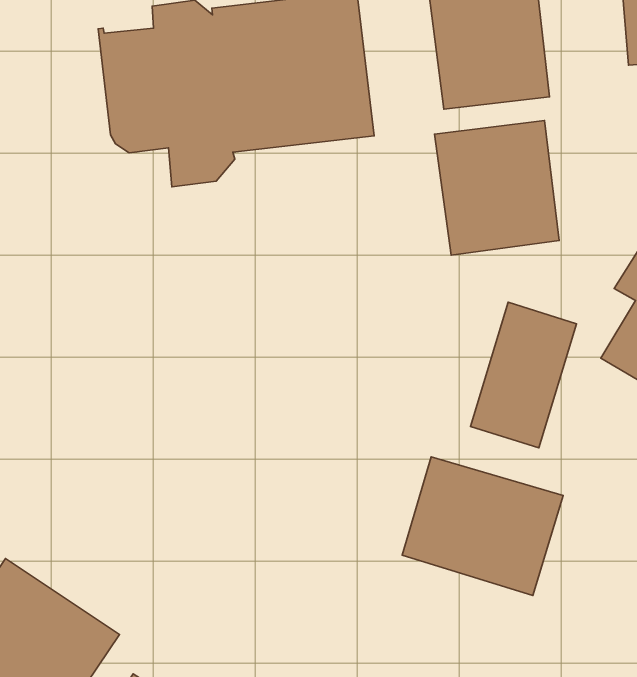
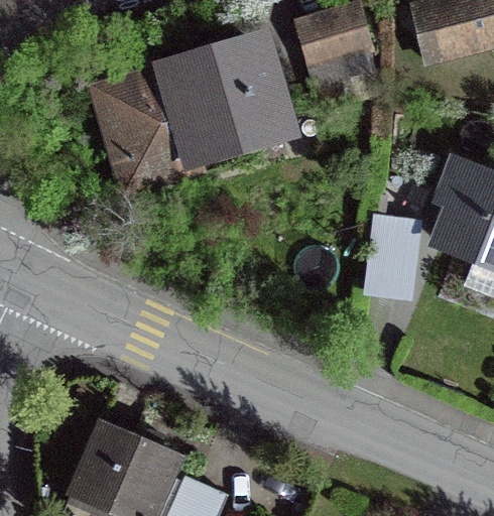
building: [434,120,559,255] -> none
building: [402,457,563,595] -> none

